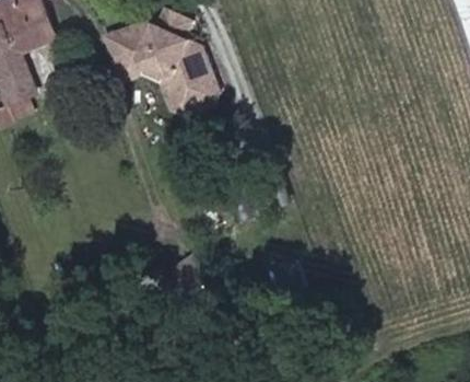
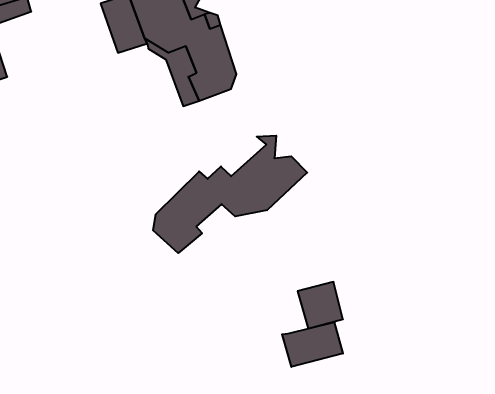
building: none -> [153,136,307,253]
building: none -> [282,322,343,367]

